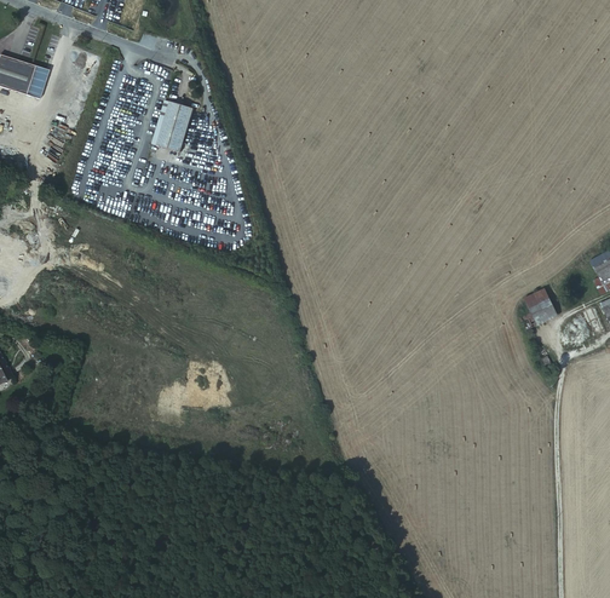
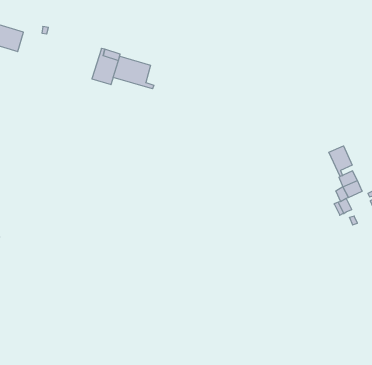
building: none -> [113,56,154,89]
building: none -> [329,146,352,177]

